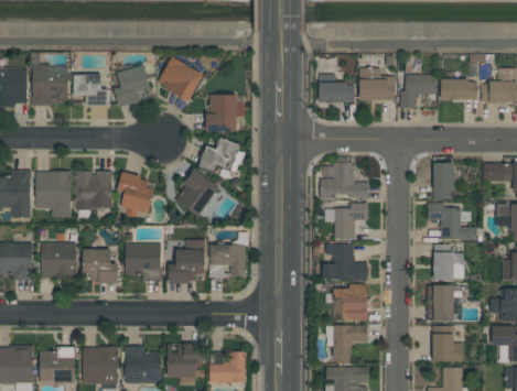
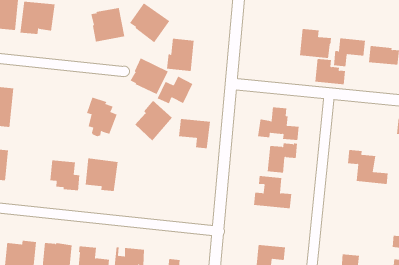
building: [74,75,108,106] -> none
building: [319,75,354,102] -> [315,59,346,85]
building: none -> [130,58,168,95]
building: [433,163,454,198] -> none
building: [35,171,72,216] -> none
building: [76,171,112,210] -> none
building: [169,240,204,283] -> none
building: [42,242,77,279] -> none
building: [209,245,246,276] -> [178,119,211,149]
building: [433,245,454,281] -> none
building: [333,284,367,321] -> none
building: [433,285,453,321] -> none

